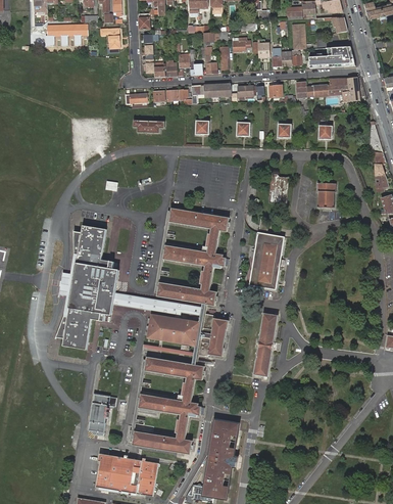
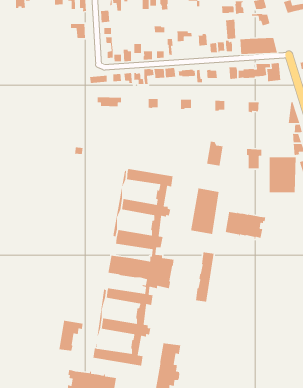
building: [47,21,88,36] -> none
building: none -> [269,156,297,193]
building: [57,224,201,349] -> none
building: none -> [225,211,266,240]

